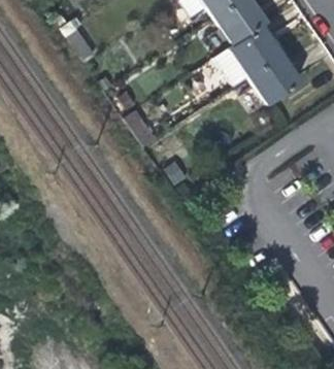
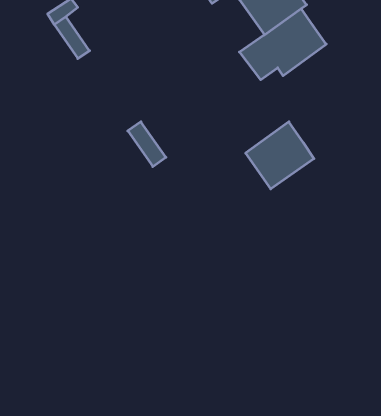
building: [248,52,302,104] -> [246,122,314,189]

